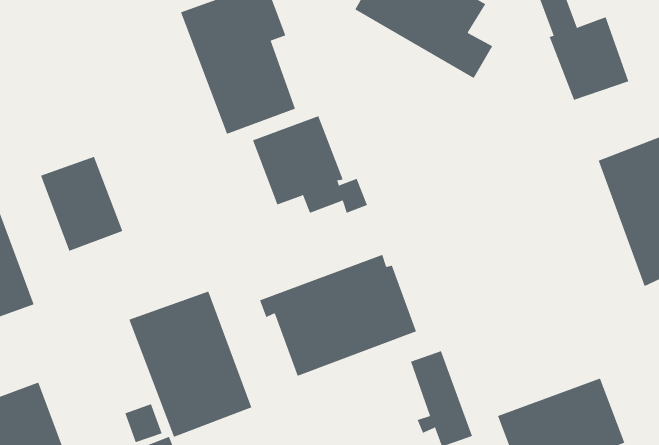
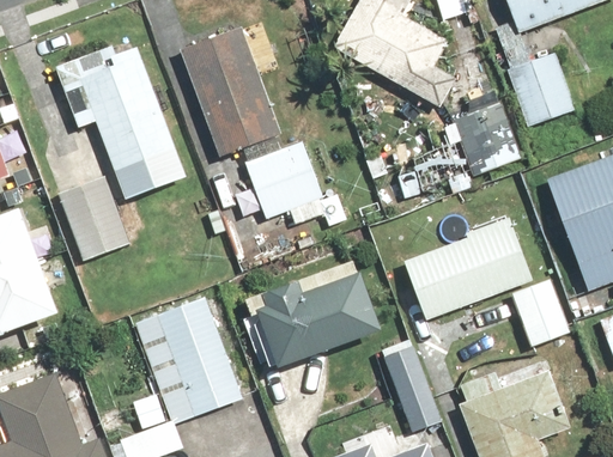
building: none -> [55,44,187,200]
building: none -> [451,103,520,177]
building: none -> [405,217,534,321]
building: none -> [511,280,570,347]

